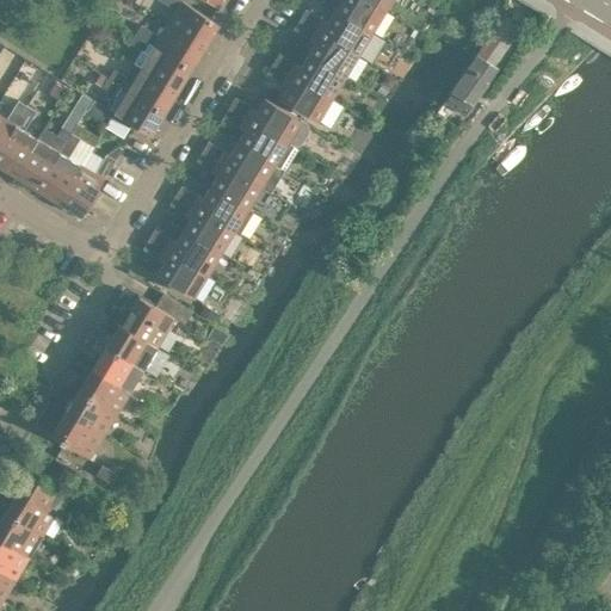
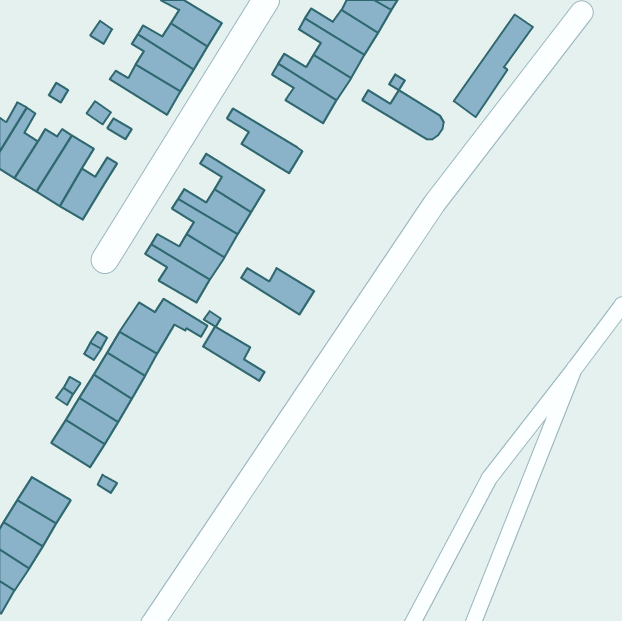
building: [101,80,163,137] -> none
building: [228,99,308,147] -> [362,90,444,139]
building: [202,143,273,189] -> [241,268,314,314]
building: none -> [203,327,265,381]

